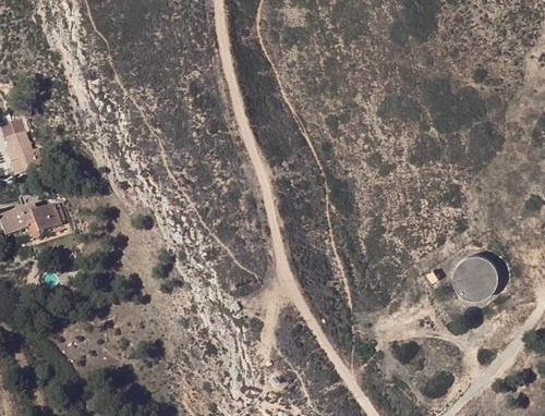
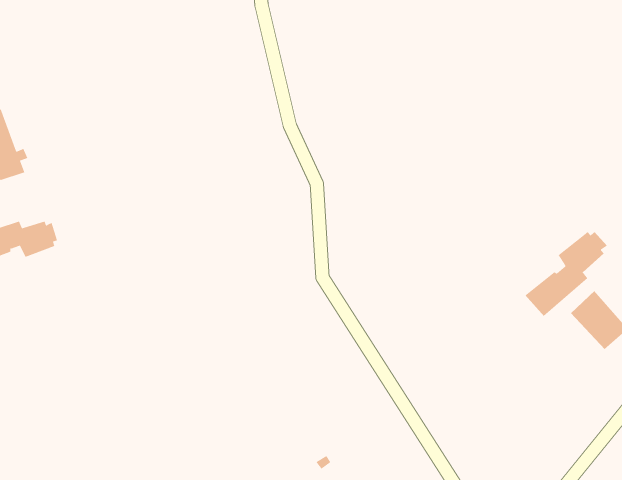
building: none -> [524,231,608,317]

